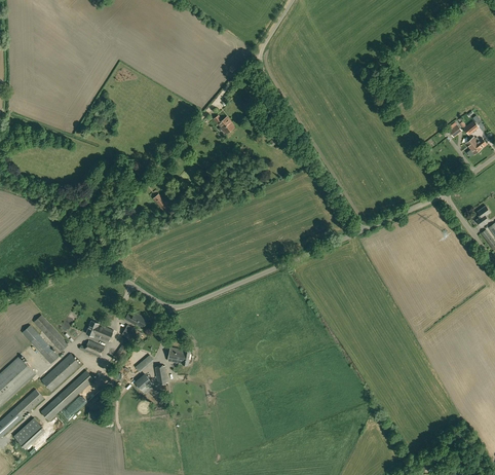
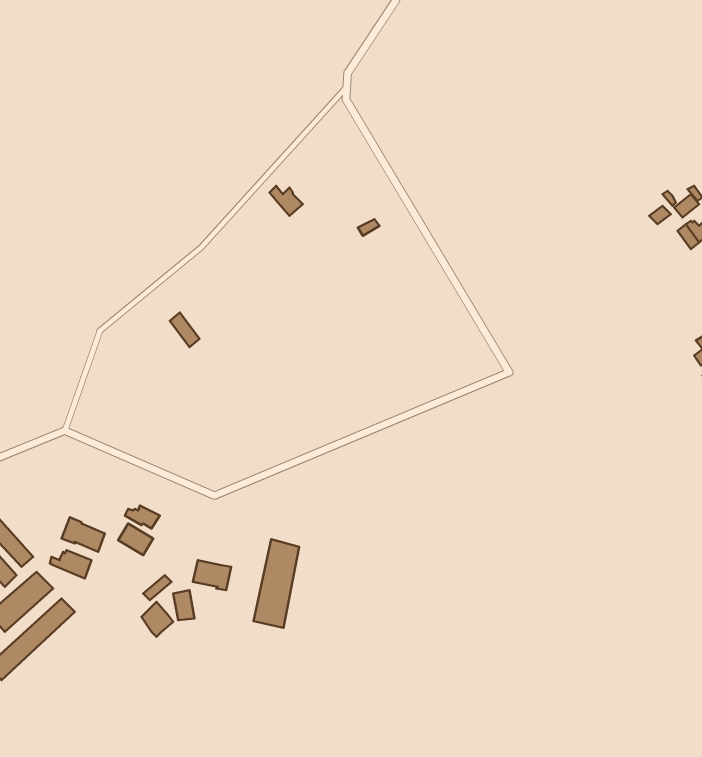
building: none -> [254,539,299,628]

